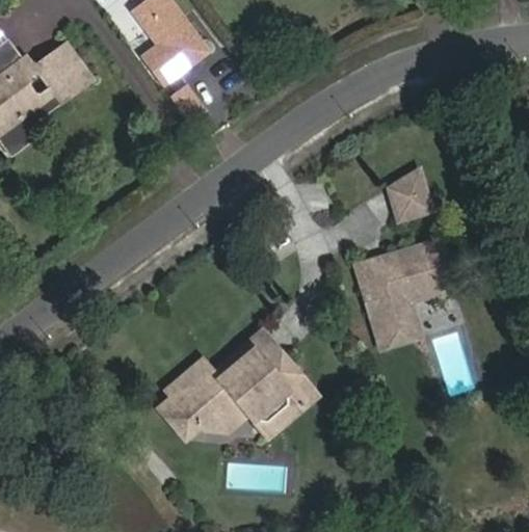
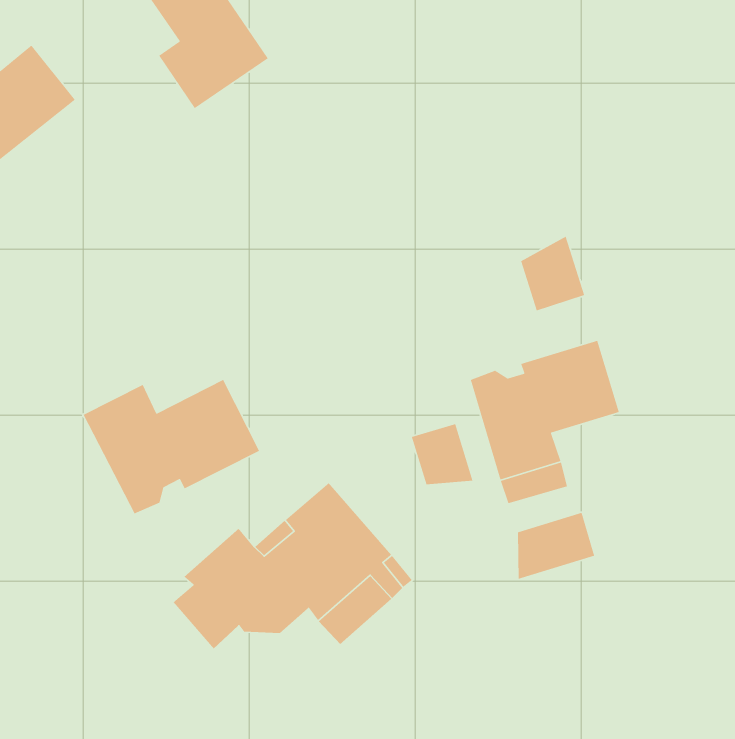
building: none -> [82,379,260,515]
building: none -> [411,423,474,485]
building: none -> [517,512,595,580]

